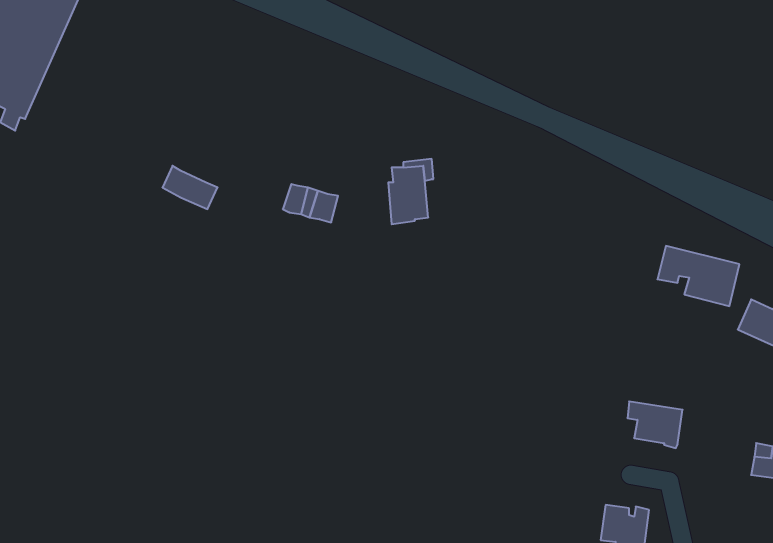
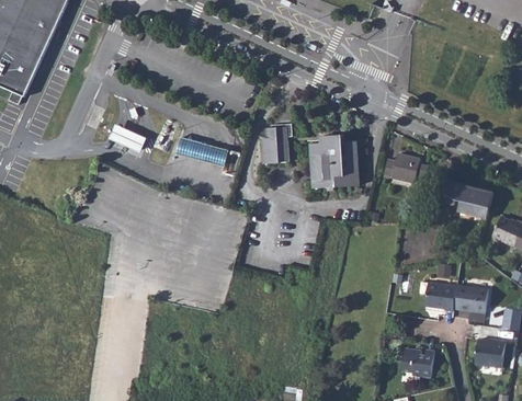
building: none -> [313,134,358,188]
building: none -> [384,153,428,182]
building: none -> [452,285,486,312]
building: none -> [474,341,504,368]

